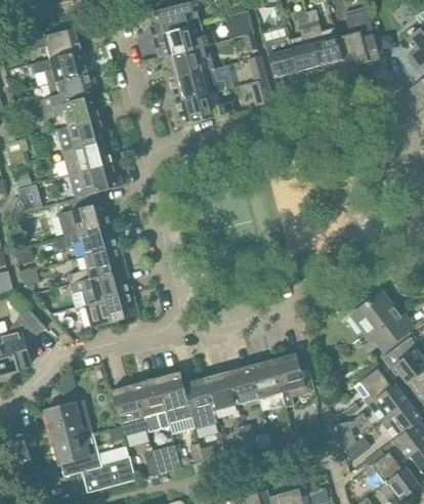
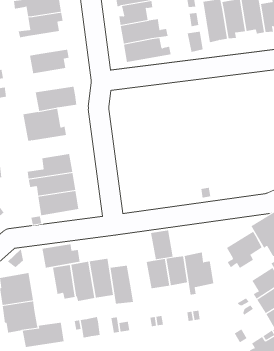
building: [42,95,103,127] -> none
building: [62,141,116,175] -> none
building: [70,224,119,256] -> none
building: none -> [226,231,263,269]
building: none -> [42,244,80,269]
building: [204,372,236,411] -> [150,230,174,260]

